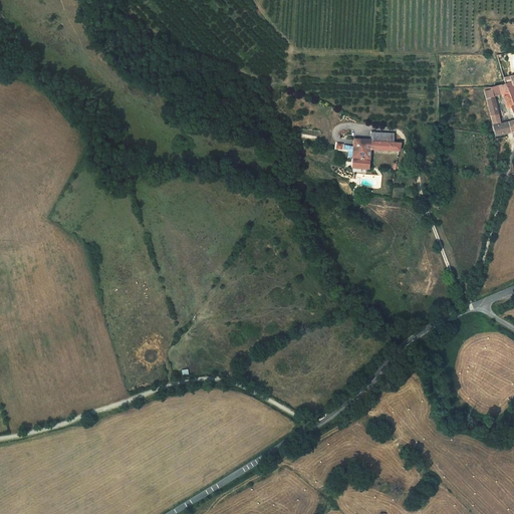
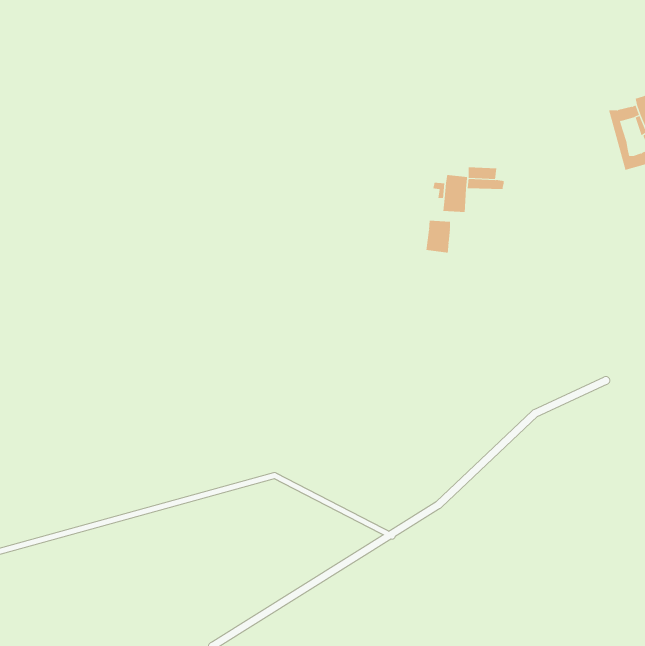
building: none -> [426,220,451,253]

